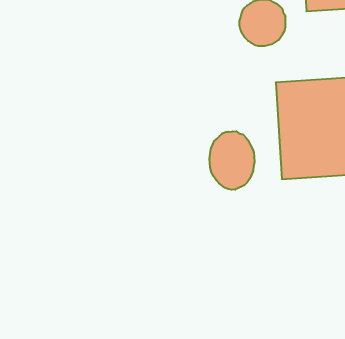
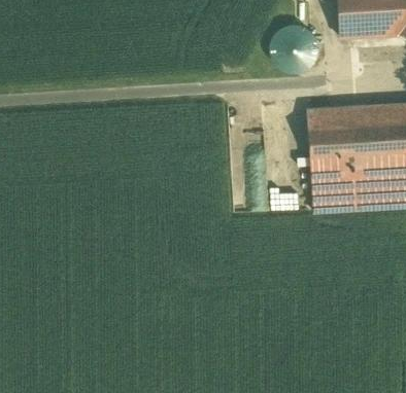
building: [210,131,254,190] -> none

